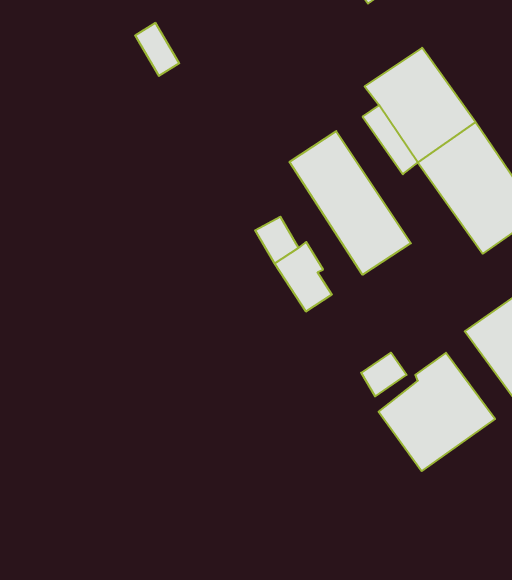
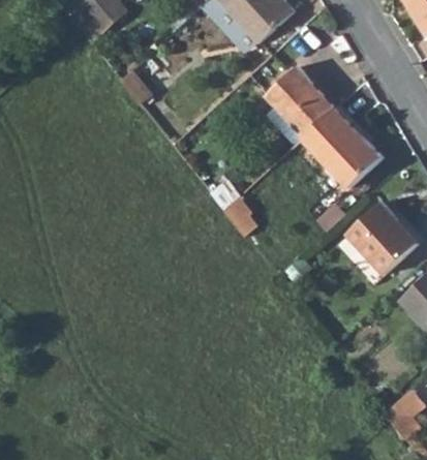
building: [290,131,411,275] -> none
building: [379,353,495,471] -> none

